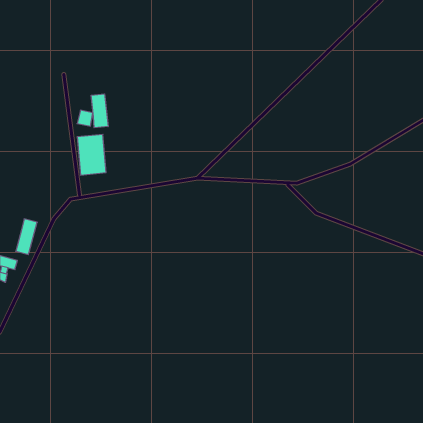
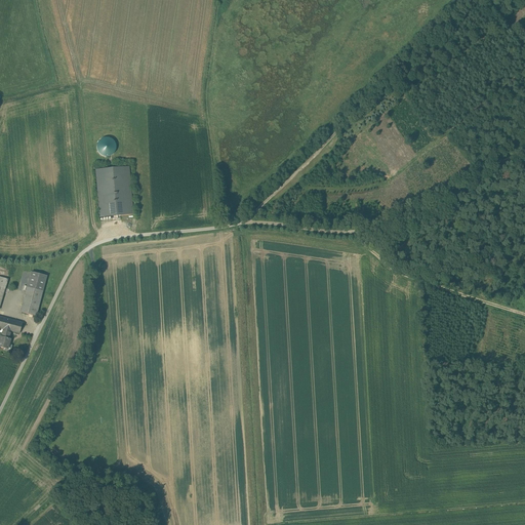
building: [91,94,108,128] -> none

